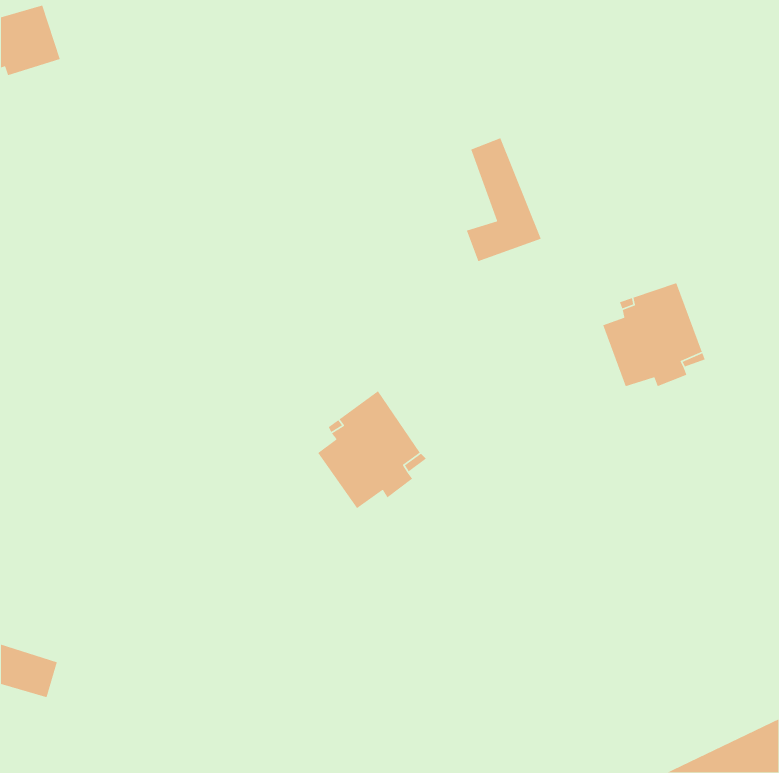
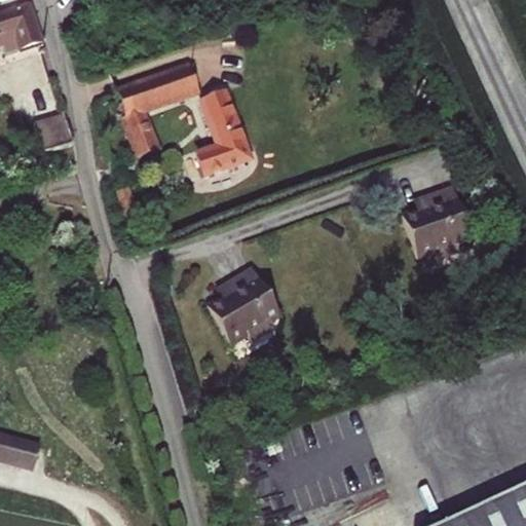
building: none -> [116,64,197,153]
building: [466,137,542,262] -> [197,88,249,173]
building: none -> [35,113,71,152]

